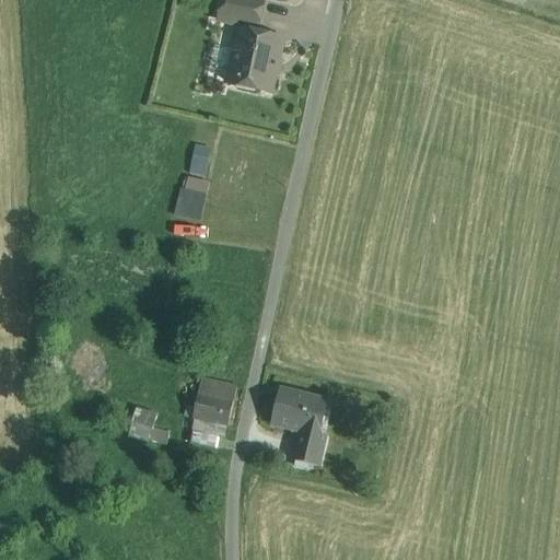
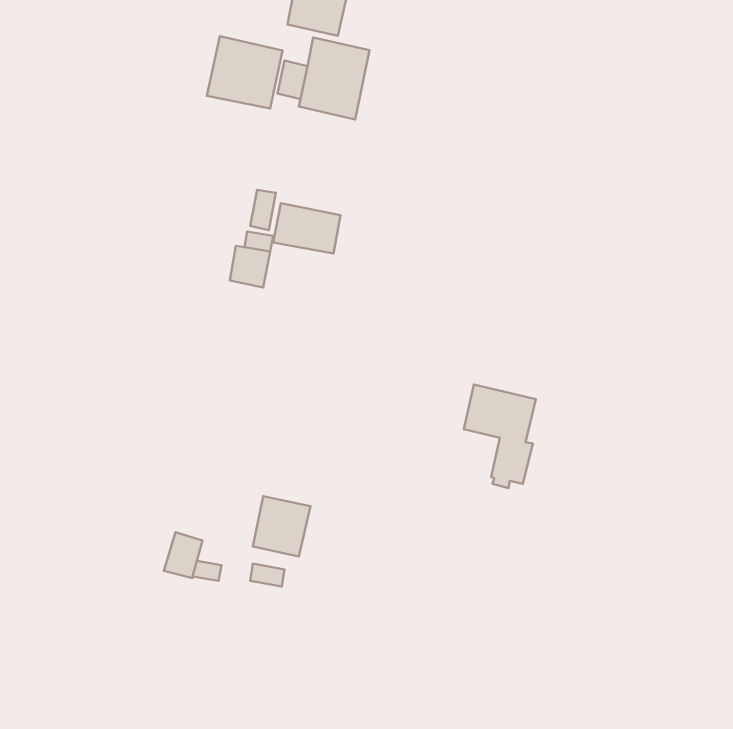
building: none -> [207,36,283,109]
building: none -> [273,203,340,254]
building: [272,388,327,467] -> [464,385,536,488]

